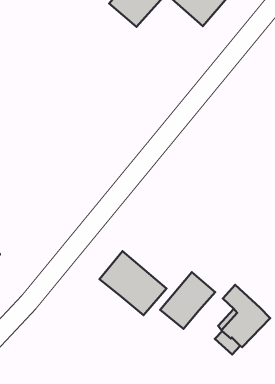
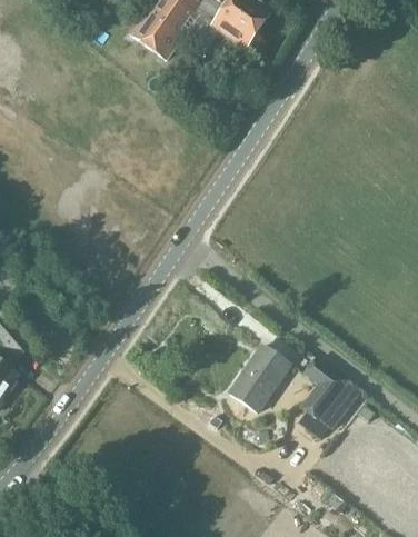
building: [100,251,167,315] -> none

